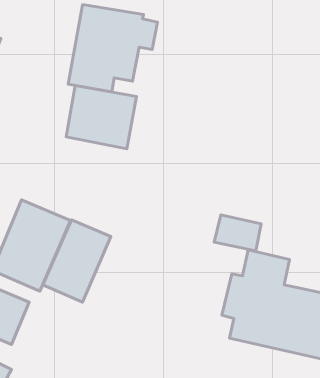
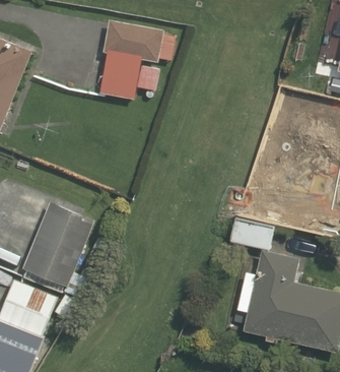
building: [66,86,136,149] -> none
building: [43,220,111,302] -> none

